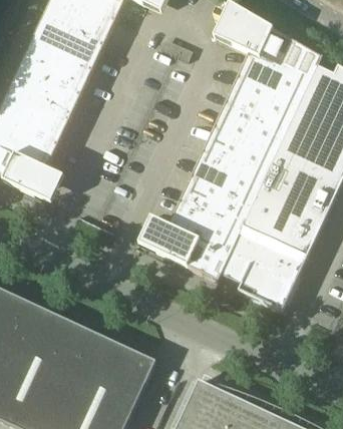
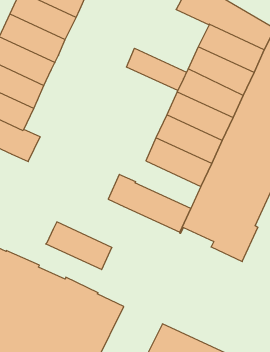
building: none -> [126,48,187,90]
building: [169,202,242,255] -> [46,222,112,270]

